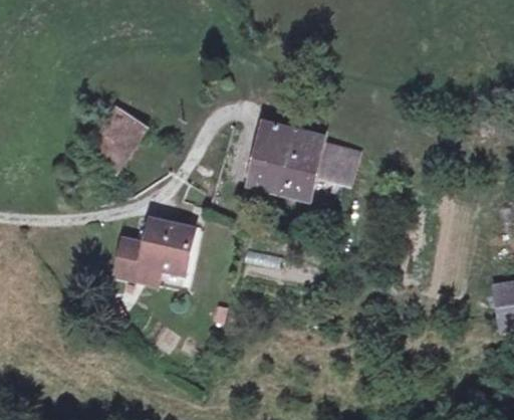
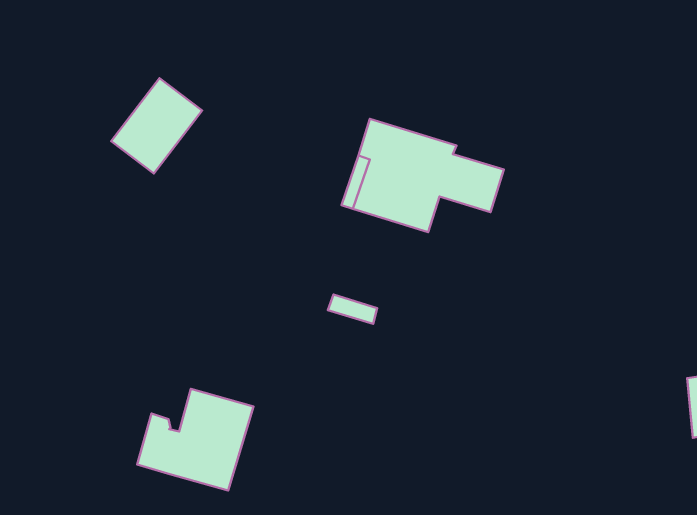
building: [115,219,193,287] -> [137,389,253,490]

